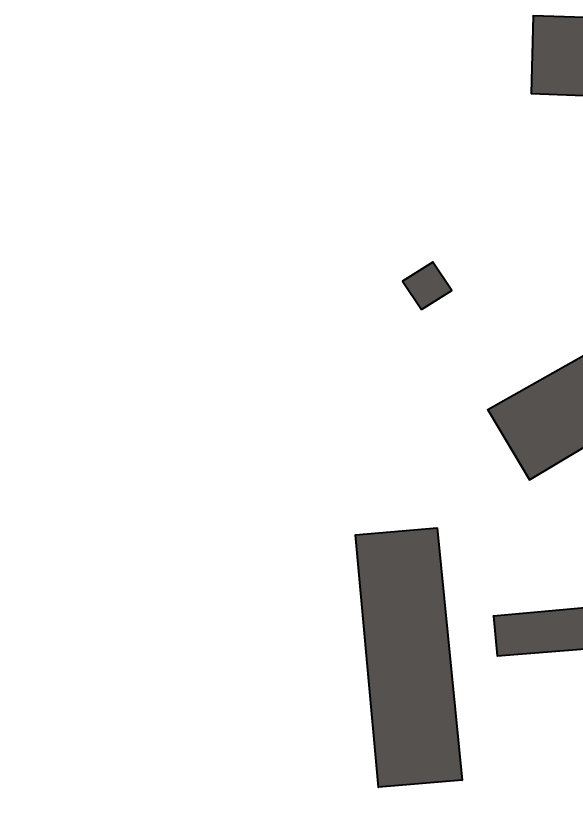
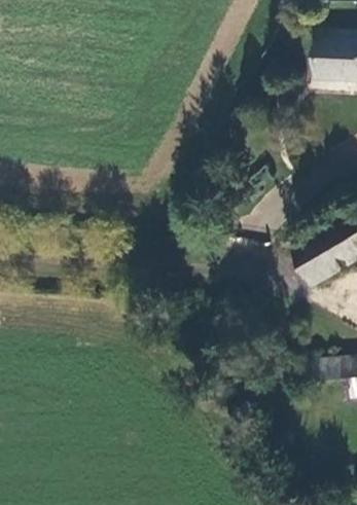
building: [355,528,462,787] -> none

